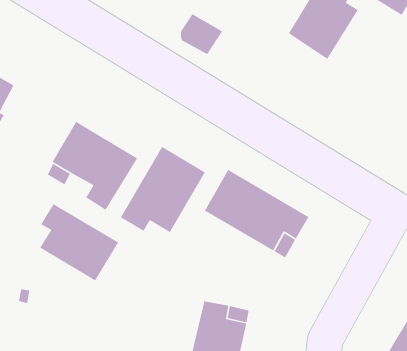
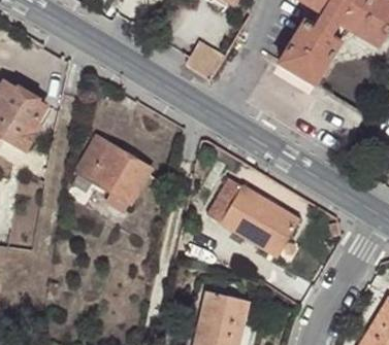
building: [120,146,206,233] -> none
building: [39,203,119,281] -> none

